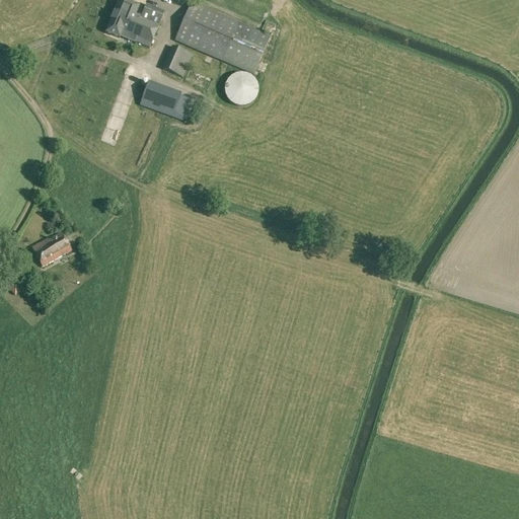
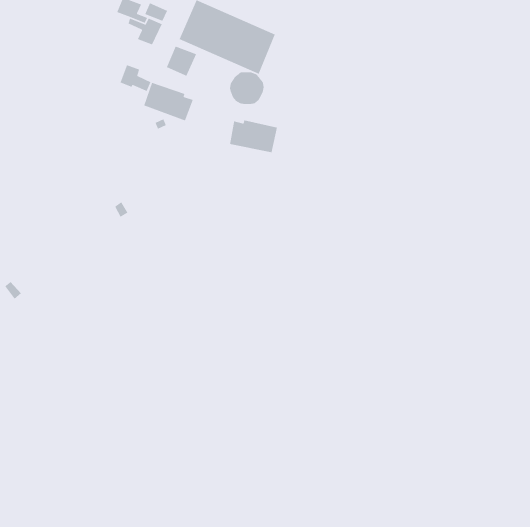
building: [106,12,138,40] -> [119,64,152,92]
building: none -> [229,119,278,153]
building: [31,231,71,265] -> none

